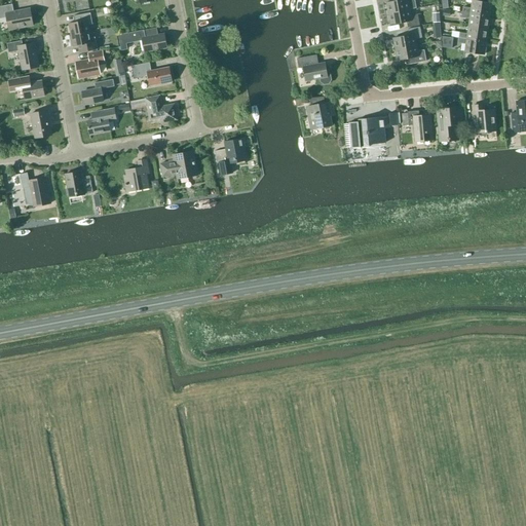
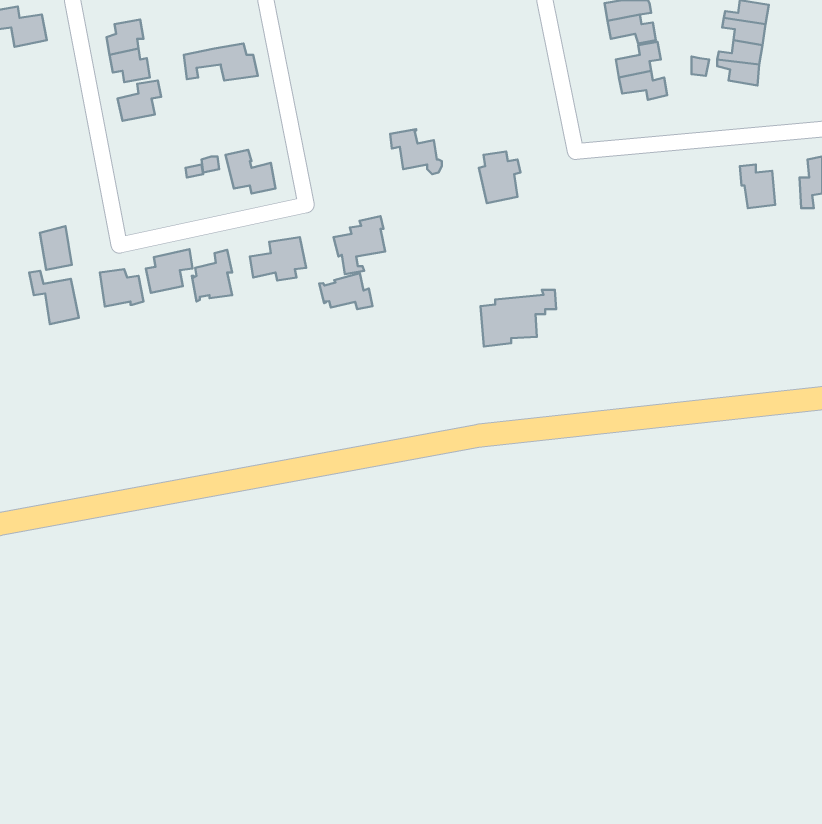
building: [6,41,38,68] -> none
building: [296,55,329,84] -> [390,129,442,174]
building: [130,63,171,86] -> none
building: [7,76,43,100] -> none
building: [80,79,114,105] -> none
building: [437,107,460,140] -> none
building: [85,108,115,136] -> [146,249,193,293]
building: [30,110,50,138] -> [40,226,72,270]
building: [401,111,431,141] -> none
building: [348,113,397,149] -> [481,290,556,346]
building: none -> [319,273,373,309]

